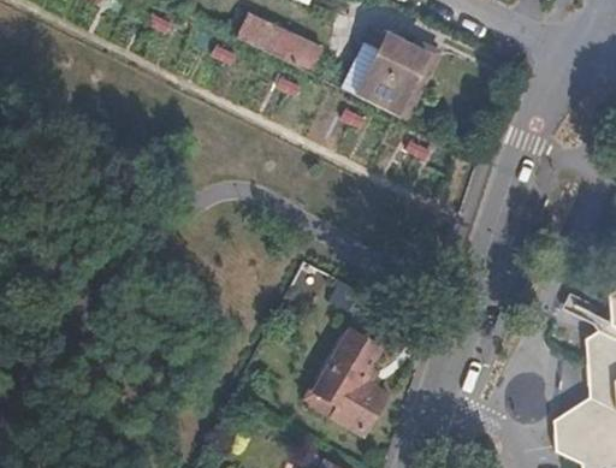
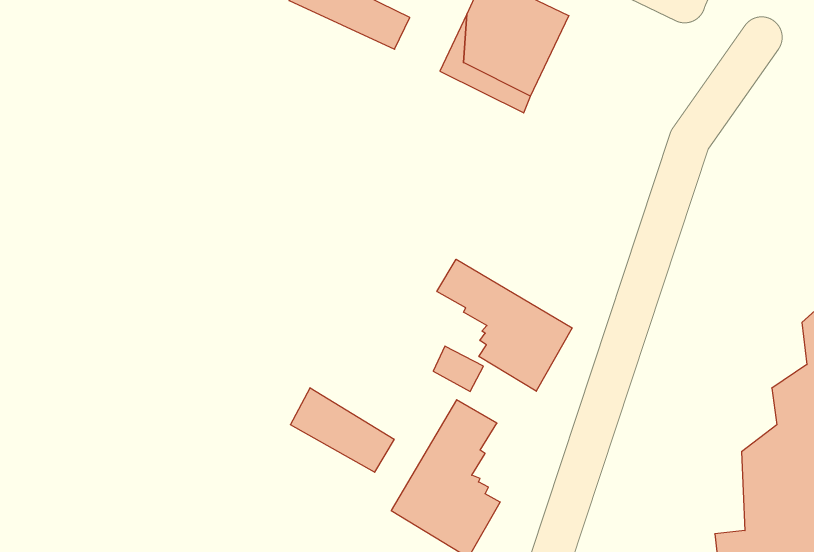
building: none -> [437,259,572,391]
building: none -> [290,388,394,472]

